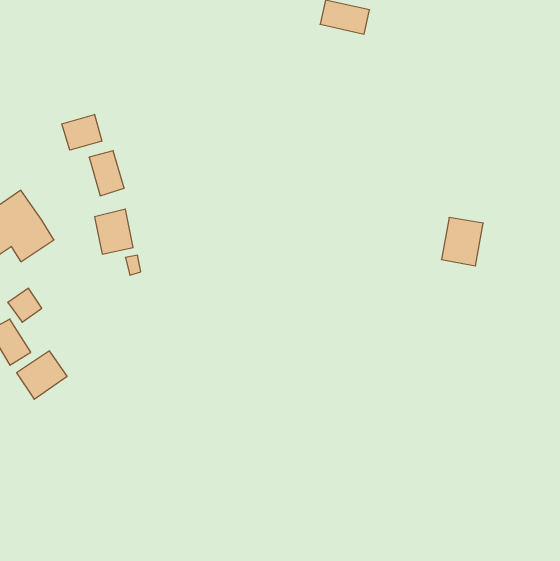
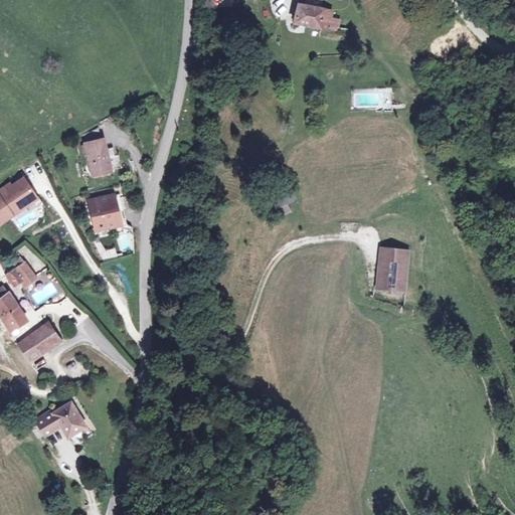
building: [62,114,102,150] -> none
building: [441,218,483,266] -> [374,245,412,290]
building: none -> [35,396,91,440]

